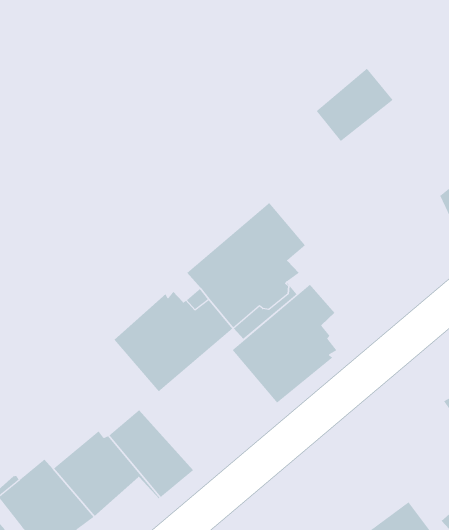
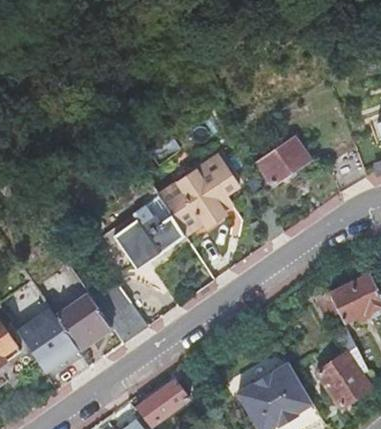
building: [316,68,393,142] -> [259,136,311,183]
building: [232,284,337,404] -> none

